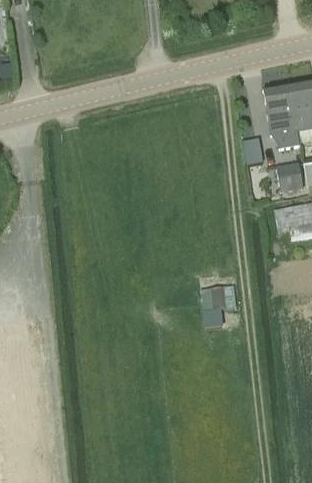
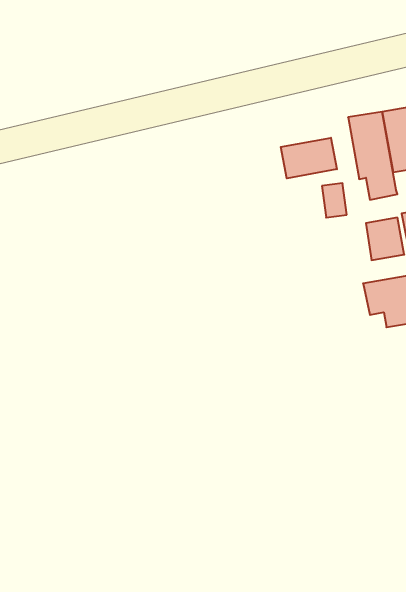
building: none -> [281,138,337,178]
building: [201,284,235,325] -> none

